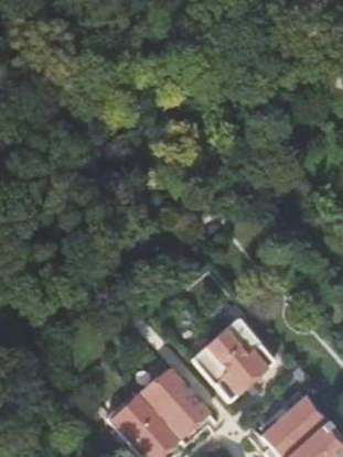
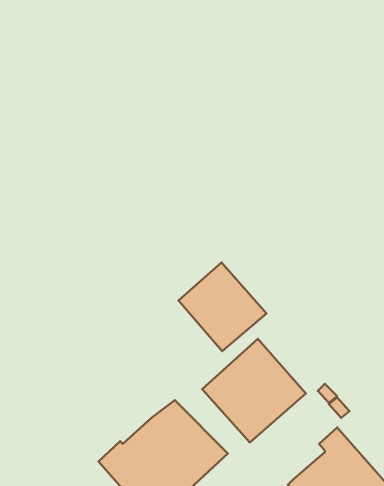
building: none -> [178,263,266,351]

